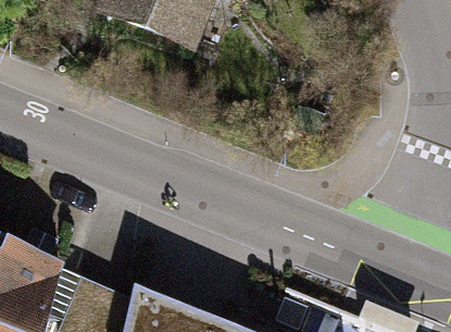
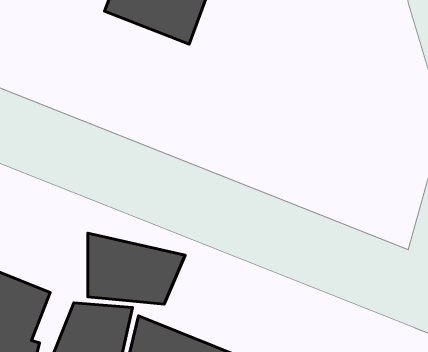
building: none -> [88,233,185,304]

